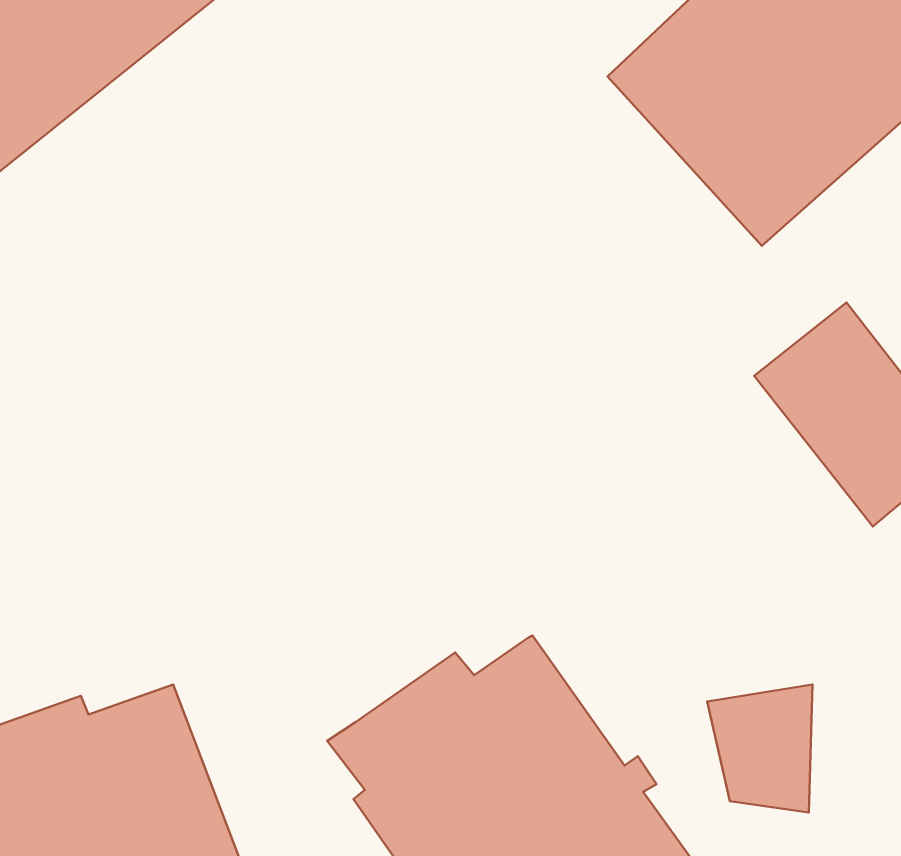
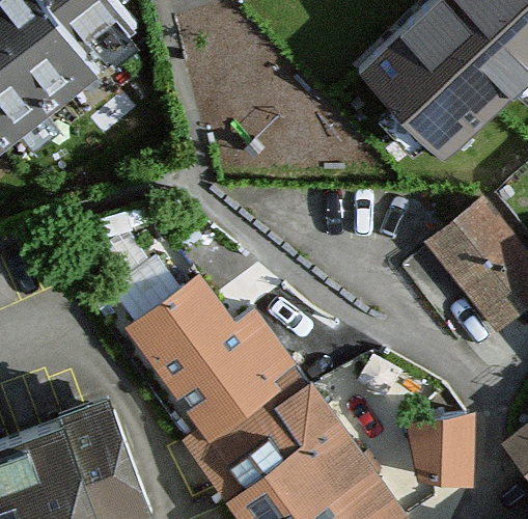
building: none -> [133,273,308,432]

